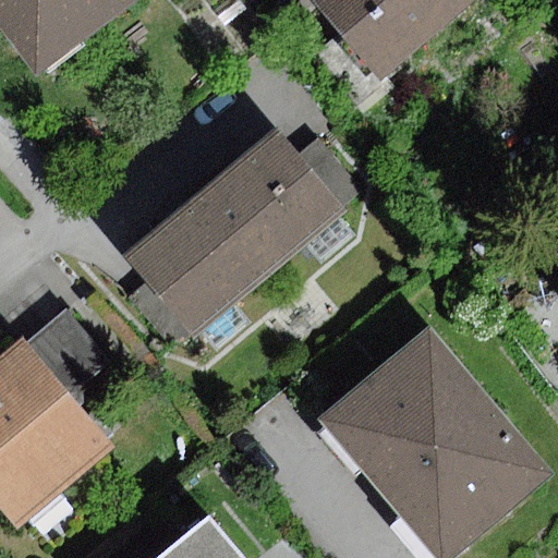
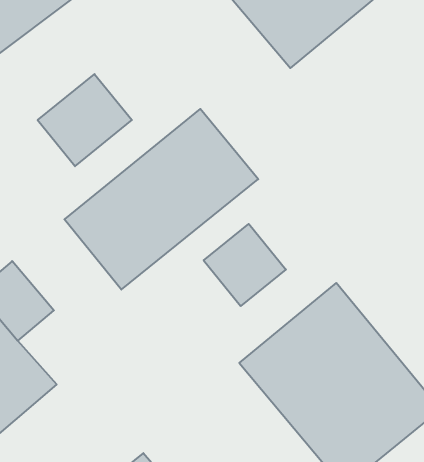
building: none -> [38,74,132,166]
building: none -> [204,224,286,306]

